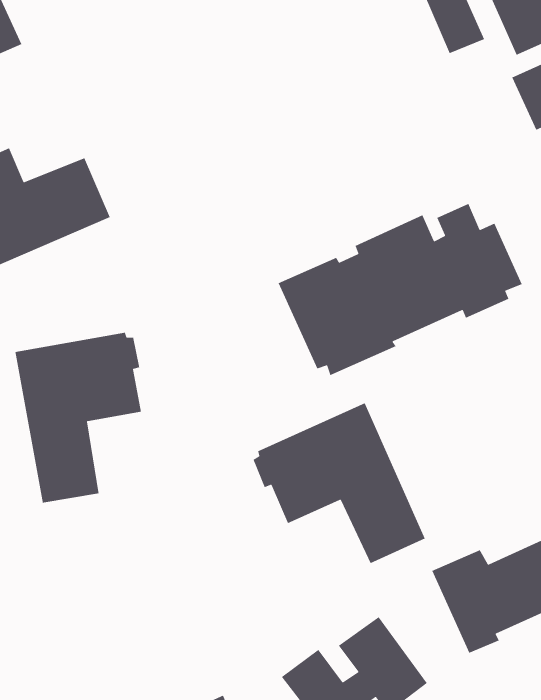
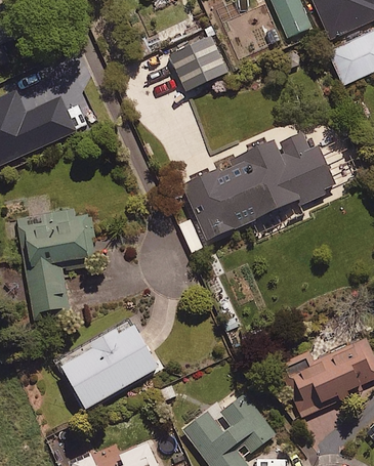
building: none -> [169,35,227,92]
building: [253,402,426,564] -> none
building: none -> [57,323,156,407]

